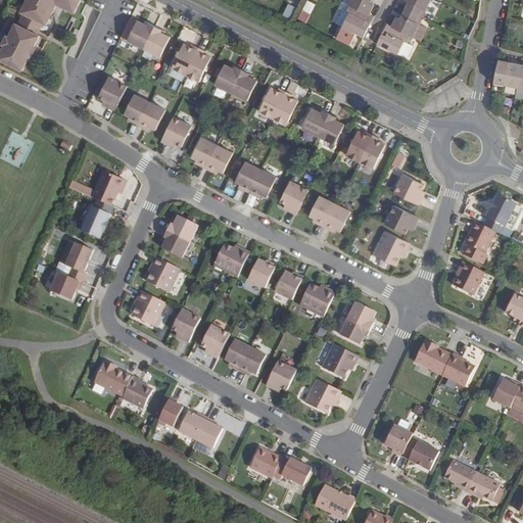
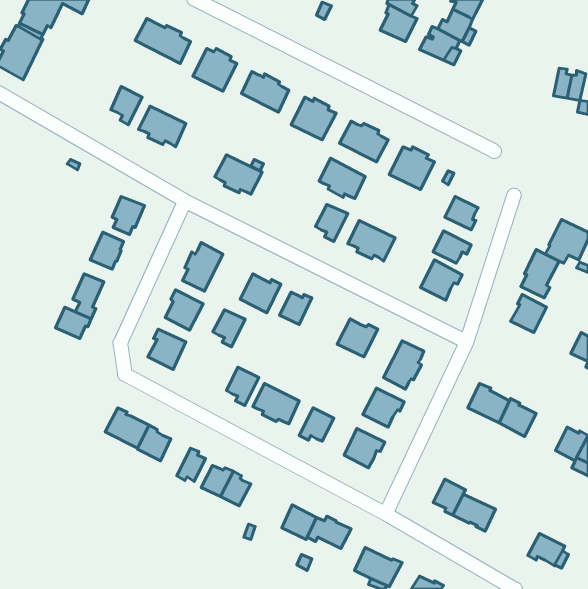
building: [160,116,190,146] -> none
building: [234,160,275,196] -> [319,158,365,199]
building: [274,271,302,299] -> none
building: [171,310,199,342] -> [213,310,245,347]
building: [445,461,477,491] -> none

